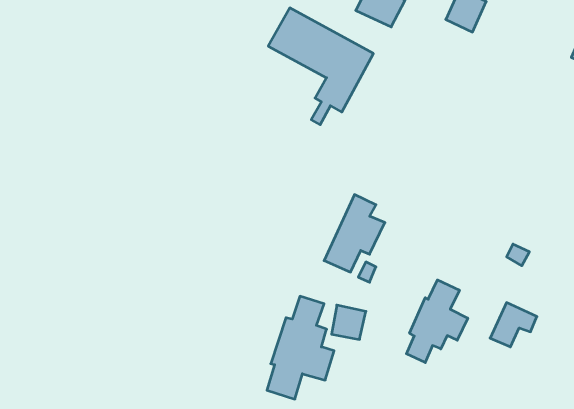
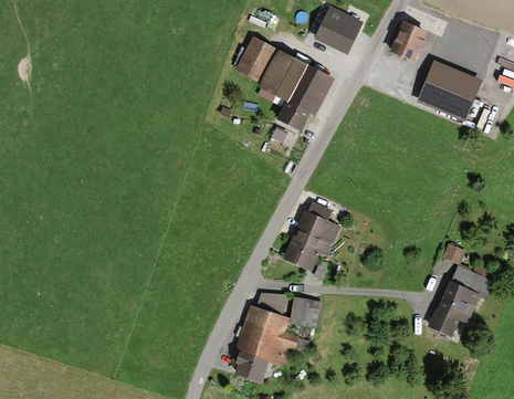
building: none -> [418,61,479,117]
building: none -> [444,265,496,307]
building: [406,280,468,363] -> none

